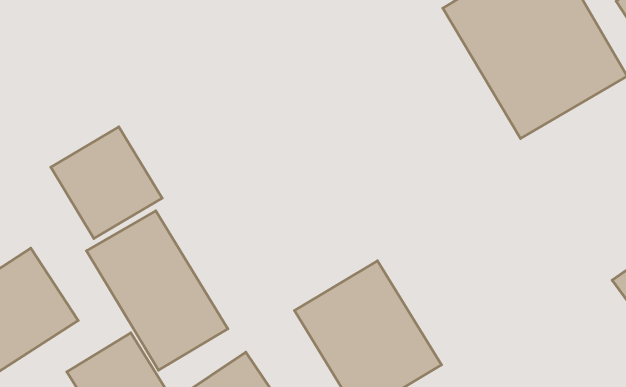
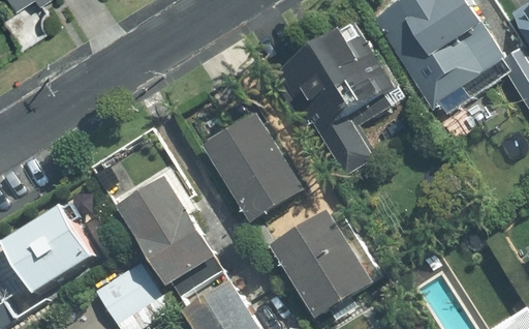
building: none -> [276,22,402,178]
building: [51,127,162,239] -> none
building: none -> [203,114,304,226]

